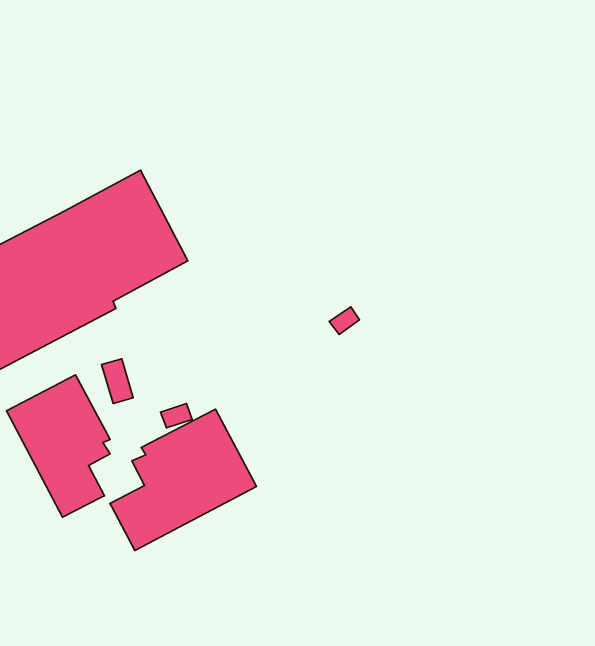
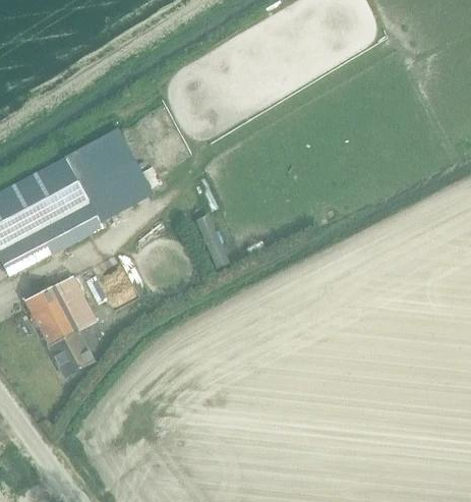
building: [110,409,257,550] -> none

